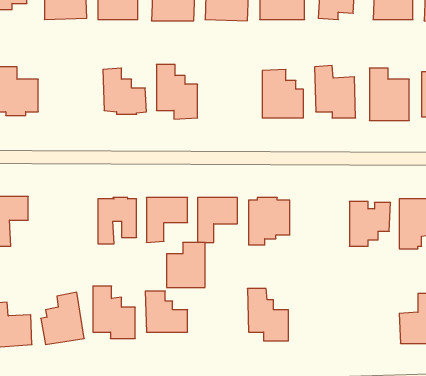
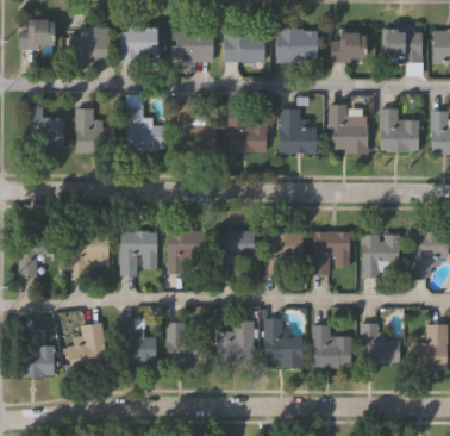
building: none -> [76,108,117,152]
building: none -> [229,113,268,156]
building: none -> [71,232,108,276]
building: none -> [313,232,350,276]
building: [167,243,205,287] -> [218,319,255,362]
building: none -> [361,322,400,362]
building: none -> [313,323,351,366]

